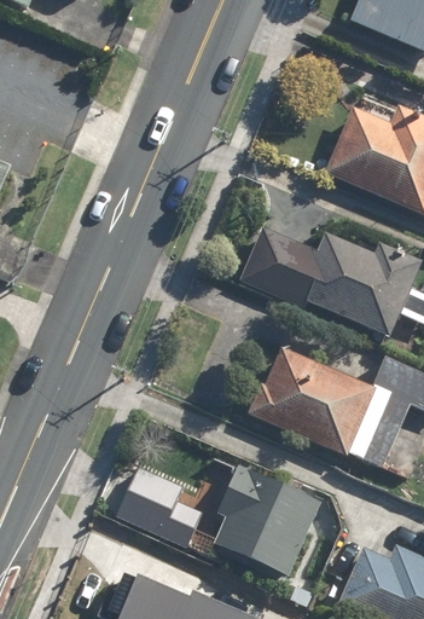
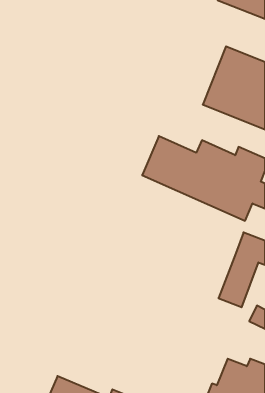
building: [250,352,378,456] -> none
building: [214,462,325,572] -> none
building: [116,465,186,533] -> none

